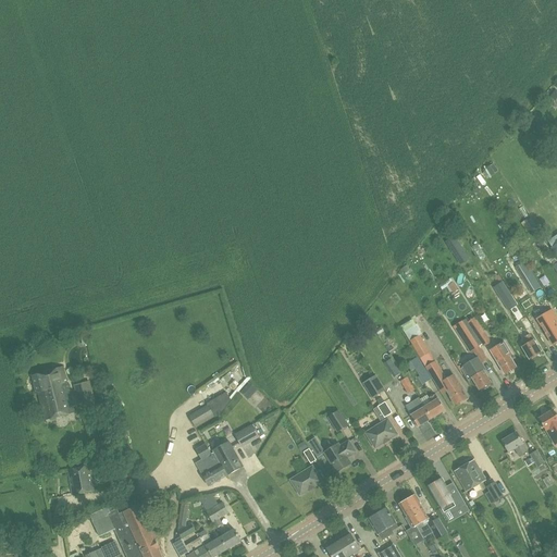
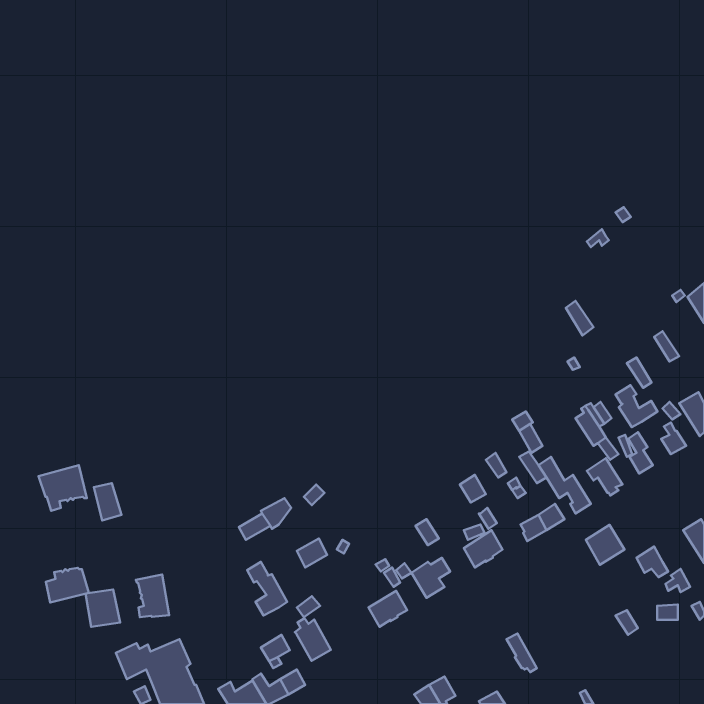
building: none -> [615,385,657,427]
building: [40,392,74,419] -> [46,568,89,602]
building: [213,441,242,474] -> [295,618,331,661]
building: none -> [136,575,169,617]
building: [455,459,485,491] -> [586,525,625,565]
building: [428,479,465,512] -> none
building: [408,495,446,537] -> none
building: [368,506,395,540] -> none

